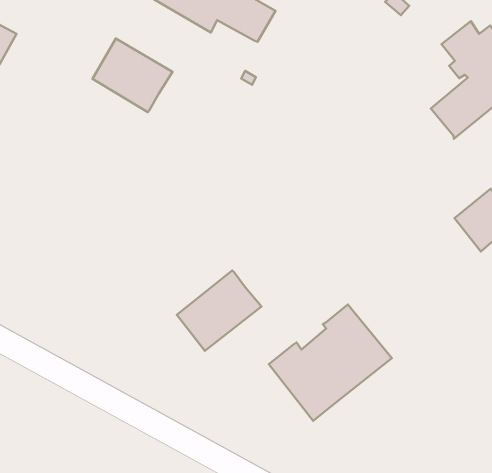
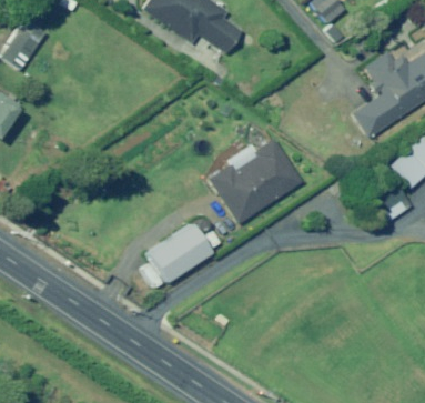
building: [92,39,173,112] -> none
building: [269,305,392,421] -> [210,138,303,223]

